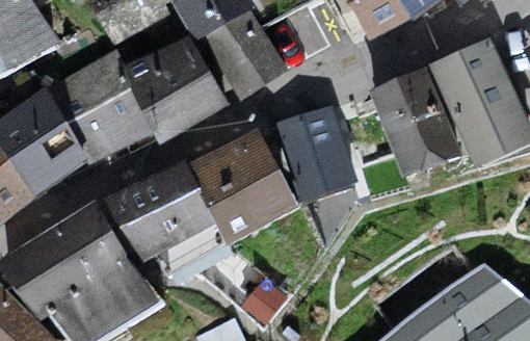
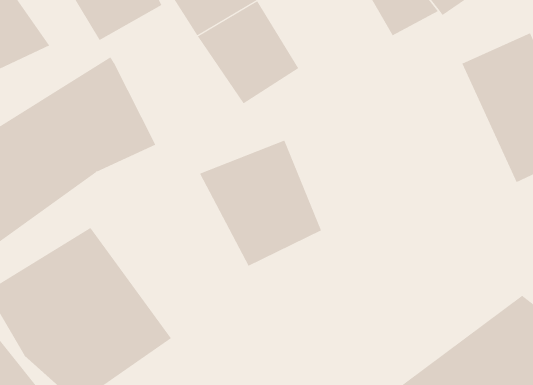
building: [124,28,222,130] -> none
building: [365,63,456,174] -> none
building: [272,106,361,205] -> none
building: [108,155,240,270] -> none

